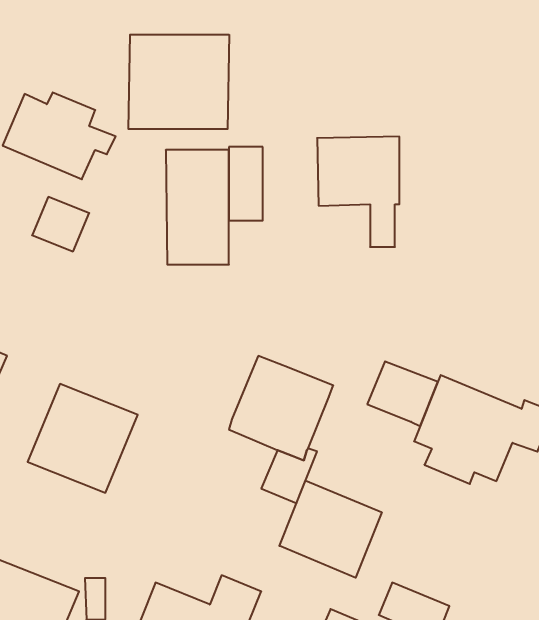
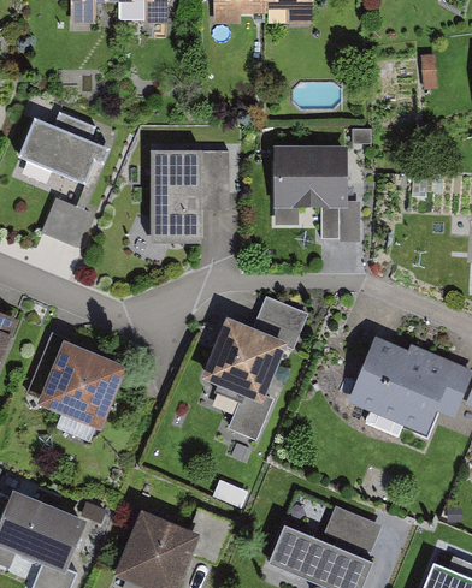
building: [128,35,229,129] -> none
building: [367,361,438,426] -> [250,296,308,349]
building: [279,481,382,578] -> none

